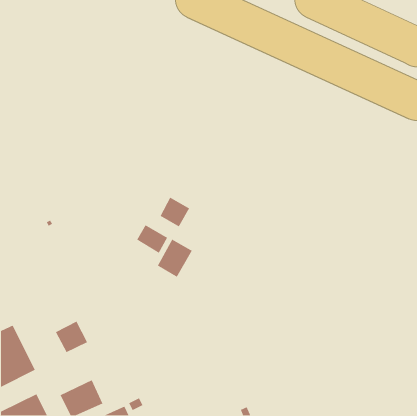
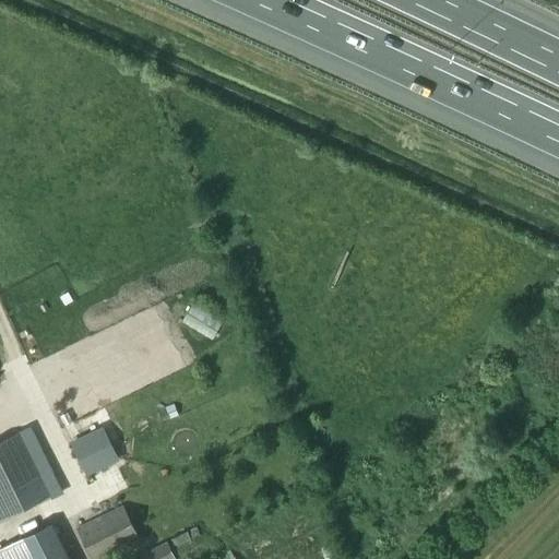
building: [159,197,190,228] -> none
building: [157,238,193,278] -> none

